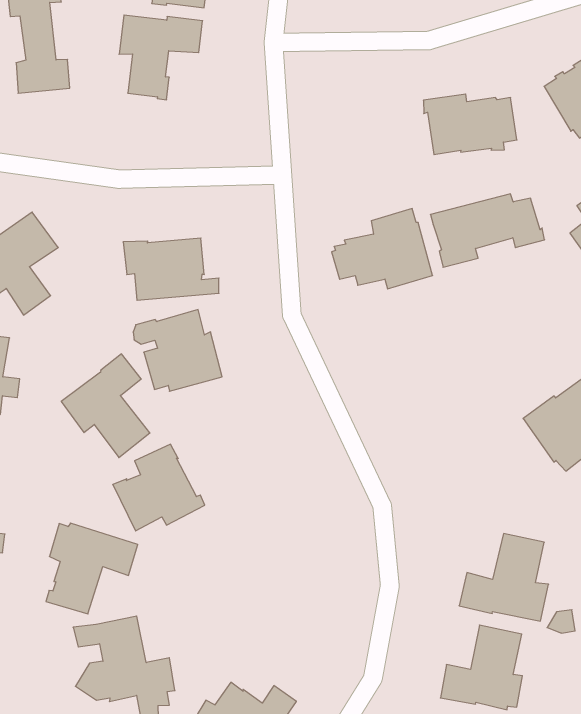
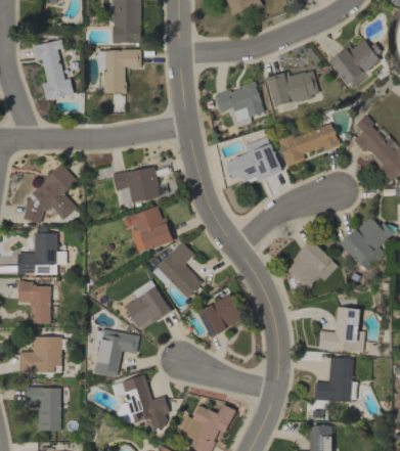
building: none -> [214,82,265,128]
building: [61,354,150,458] -> [152,242,203,299]
building: none -> [287,239,338,290]
building: none -> [198,295,243,337]

